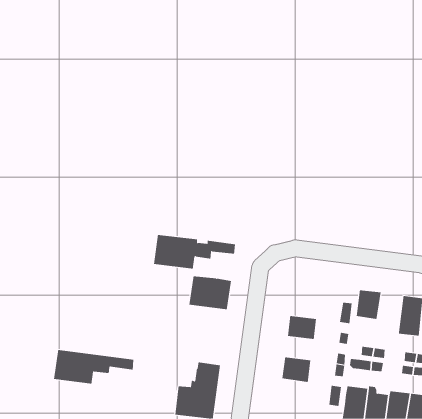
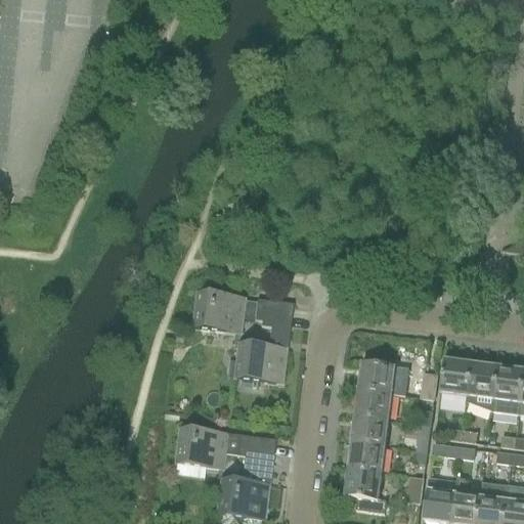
building: none -> [262,311,292,339]
building: none -> [359,361,397,394]
building: none -> [468,361,499,410]
building: none -> [353,416,390,445]
building: [53,349,134,384] -> [175,426,275,469]
building: none -> [345,468,387,514]

